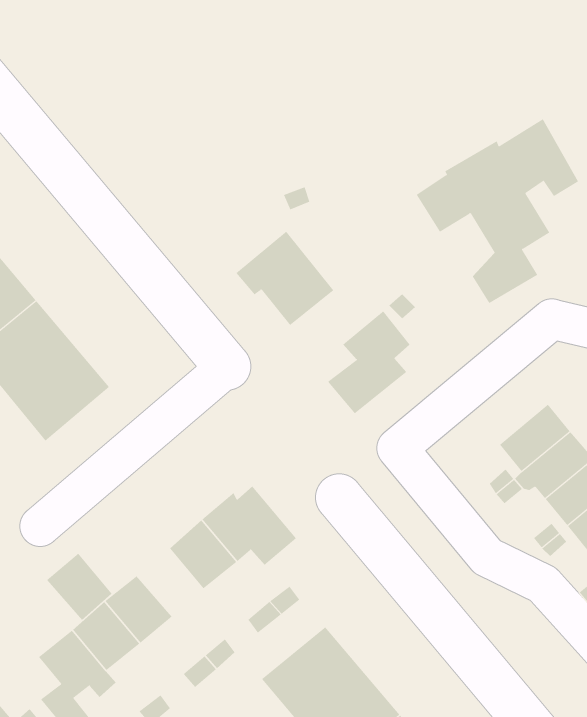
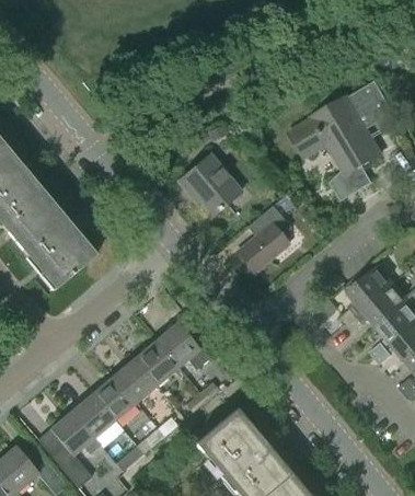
building: [46,553,112,621] -> [113,359,155,403]

